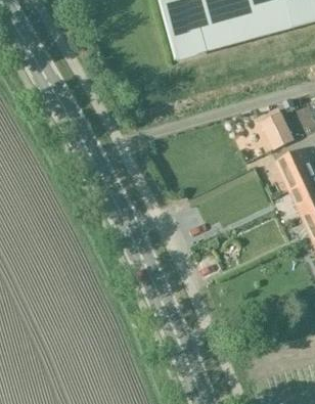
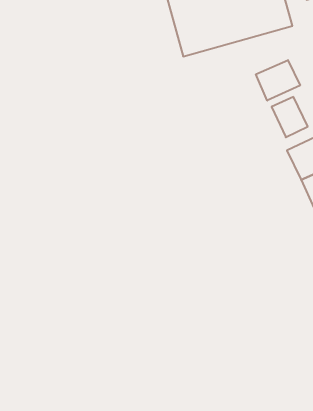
building: none -> [256,60,300,101]

